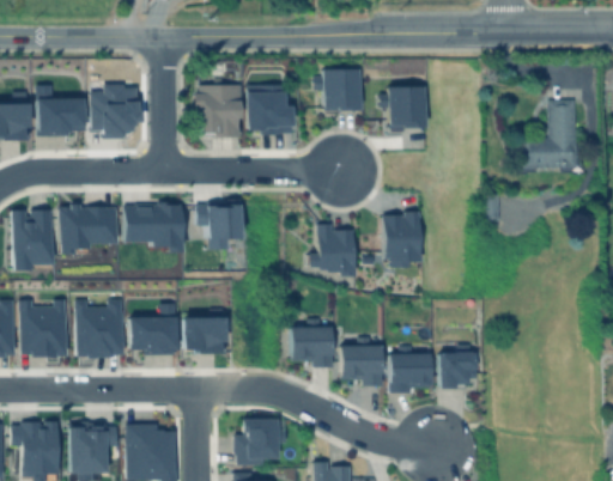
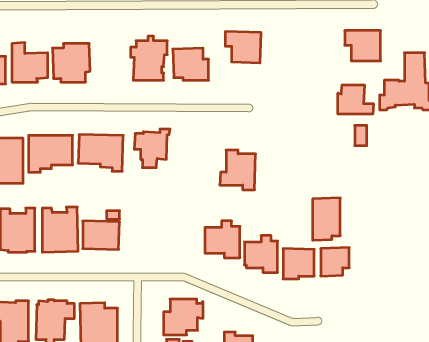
building: [380,89,426,128] -> [345,31,381,61]
building: none -> [338,85,373,114]
building: [384,213,420,268] -> [313,198,340,240]
building: [183,317,226,353] -> none

